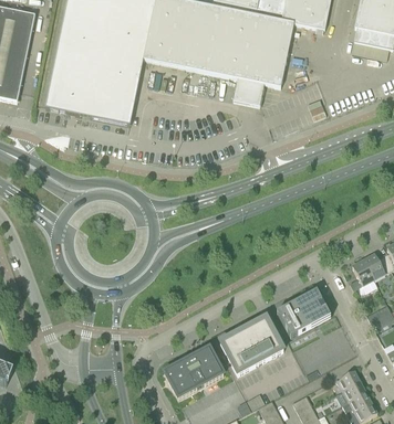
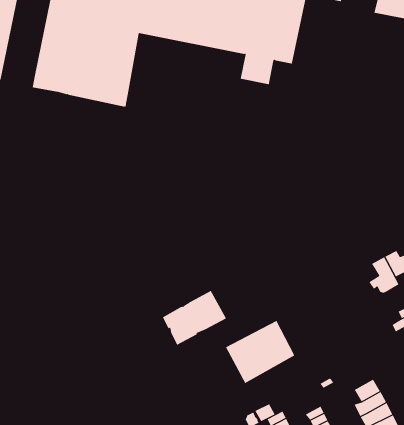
building: [276,289,328,336] -> none
building: [164,347,222,396] -> [162,290,227,345]

